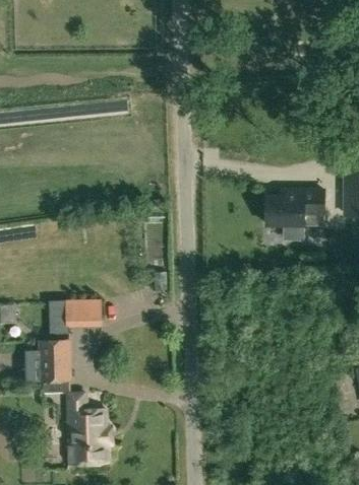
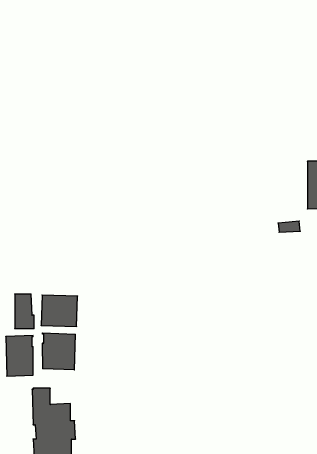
building: [266,190,323,239] -> none
building: none -> [42,333,75,370]

